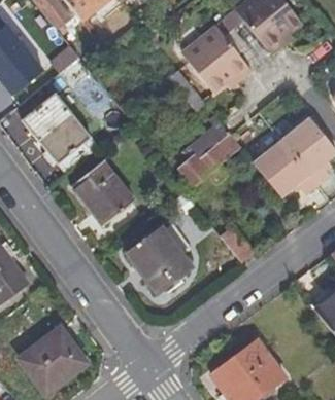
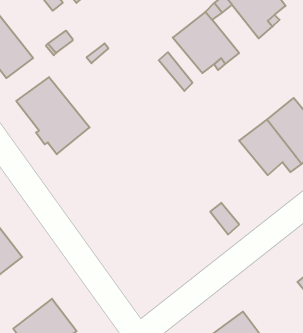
building: [180,116,238,184] -> none
building: [70,160,133,225] -> none
building: [126,226,191,292] -> none

